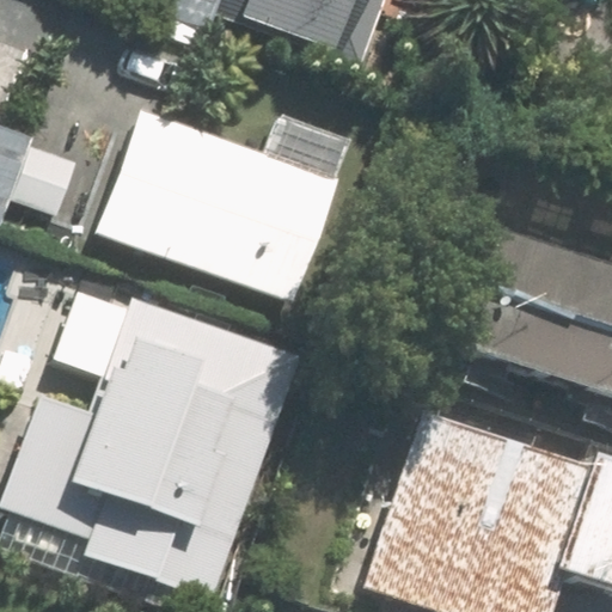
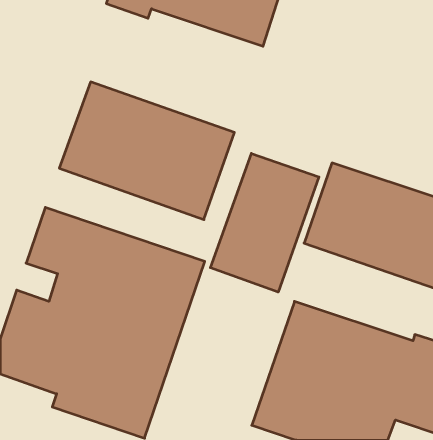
building: none -> [210,153,319,292]

